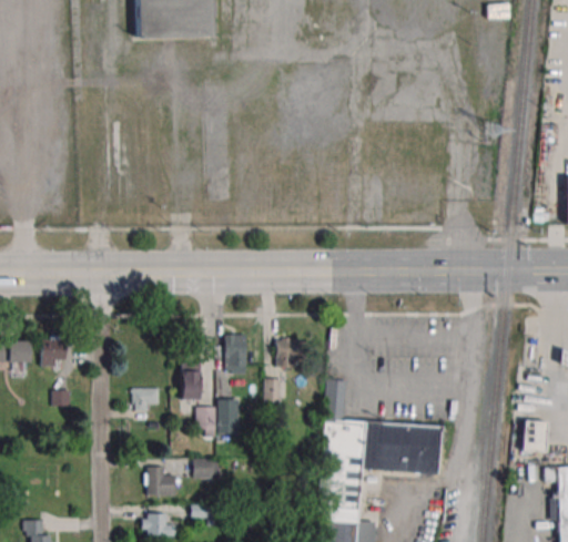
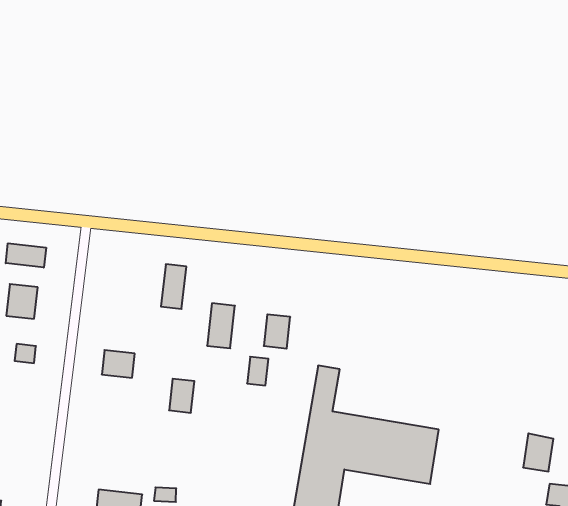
building: none -> [6,243,46,268]
building: [182,362,201,401] -> [161,264,186,309]
building: [220,400,237,433] -> none
building: [194,459,220,479] -> none
building: [145,468,174,495] -> none

